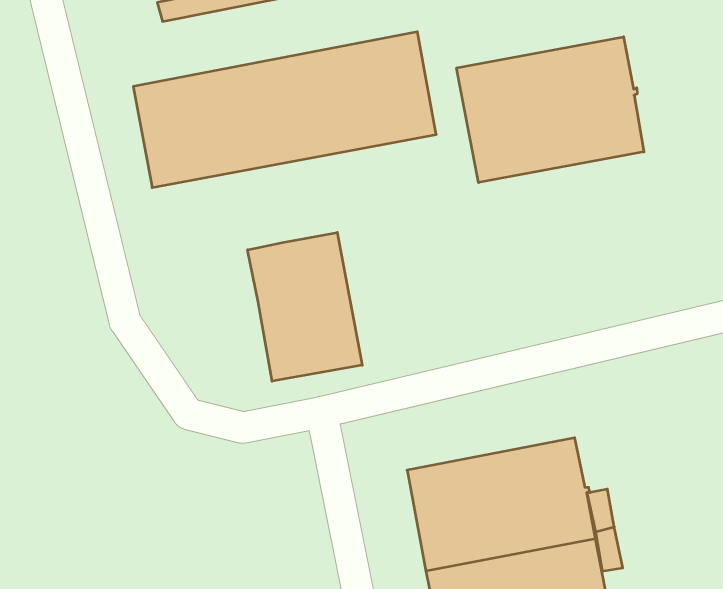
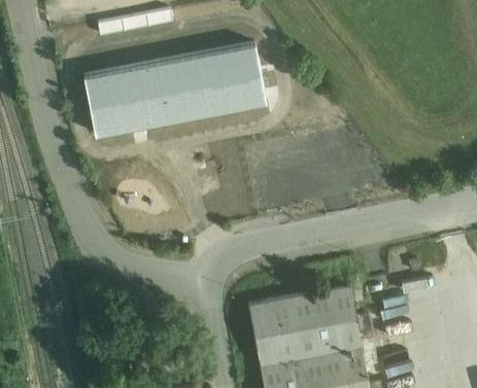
building: [457,37,644,183] -> none
building: [248,232,362,381] -> none

